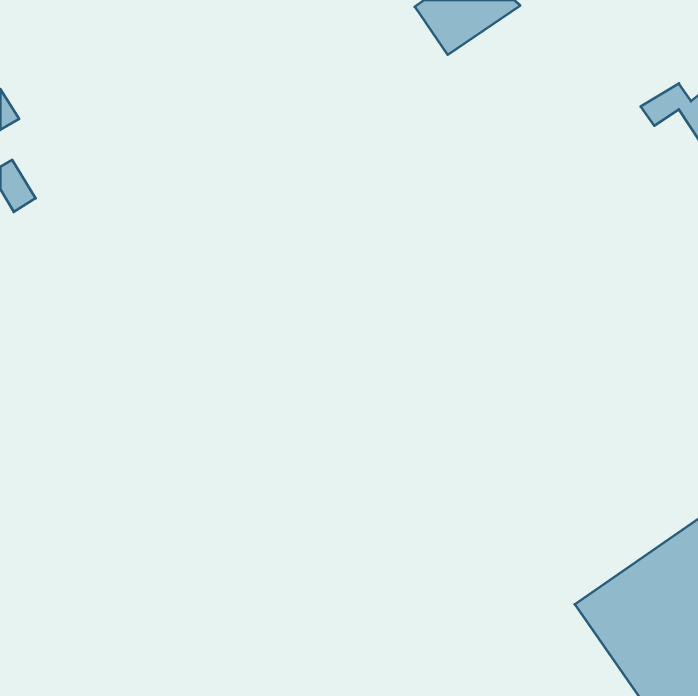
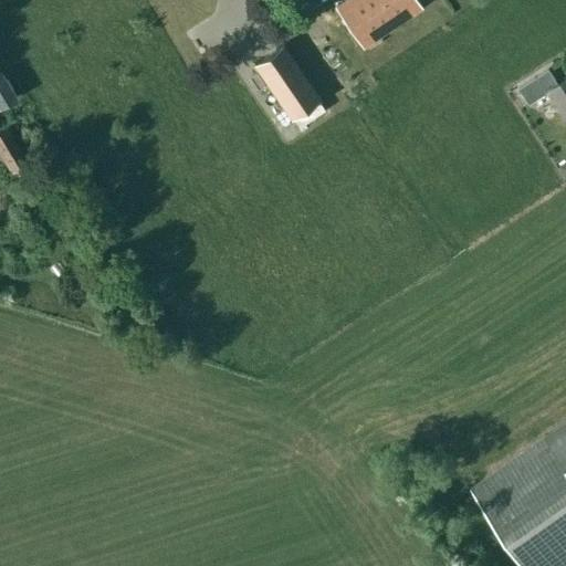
building: none -> [253,44,321,119]

